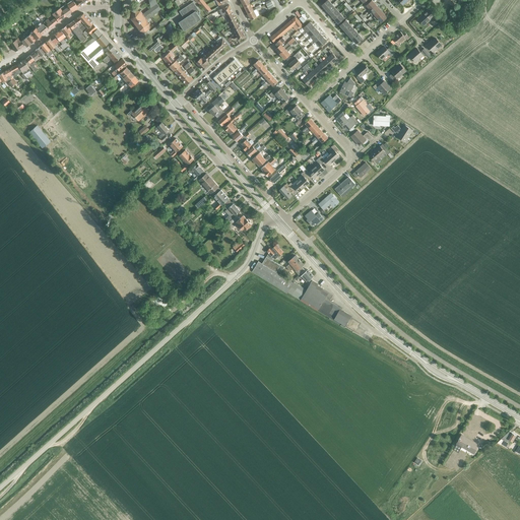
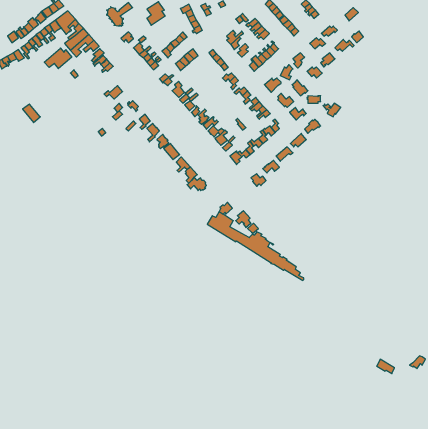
building: none -> [44,48,72,69]

